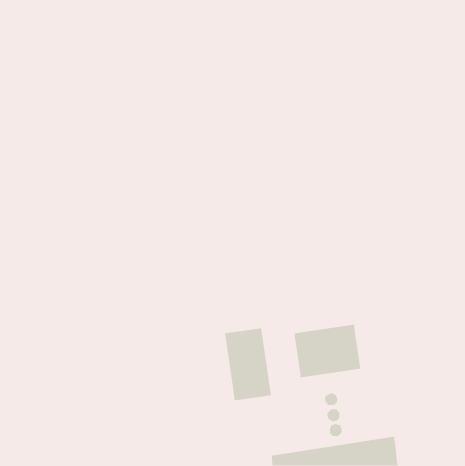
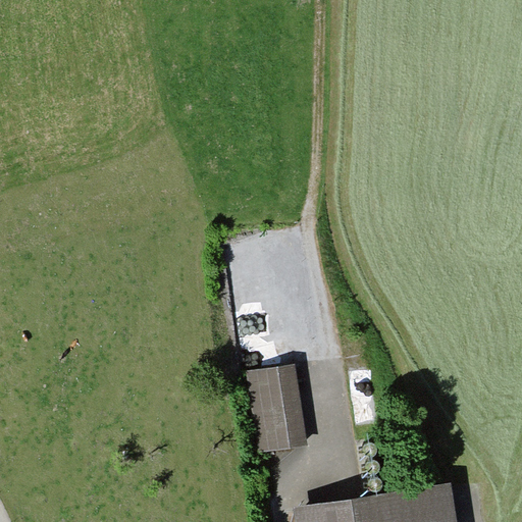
building: [293,324,361,378] -> none

